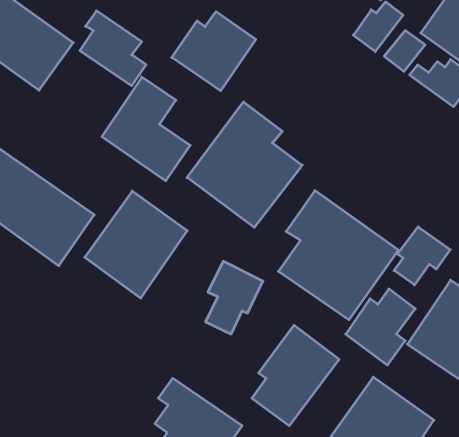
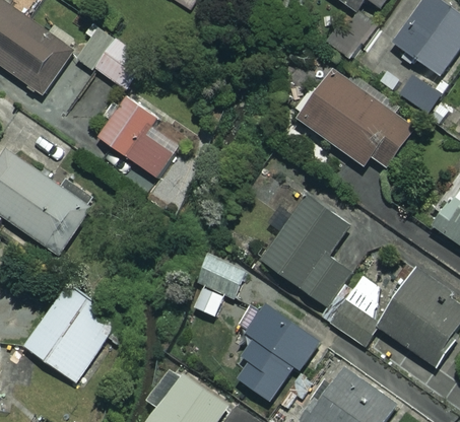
building: [172,12,256,91] -> none
building: none -> [292,67,412,167]
building: [187,102,302,227] -> none
building: [85,191,187,298] -> [23,285,118,383]
building: [394,227,450,285] -> none

